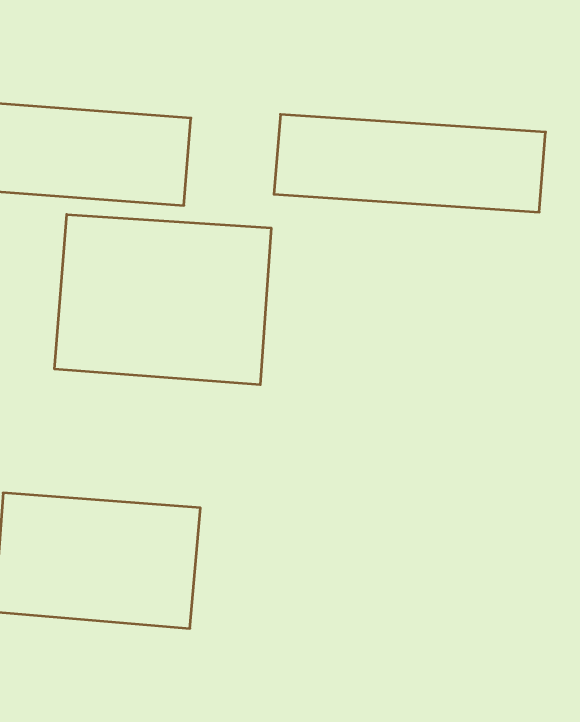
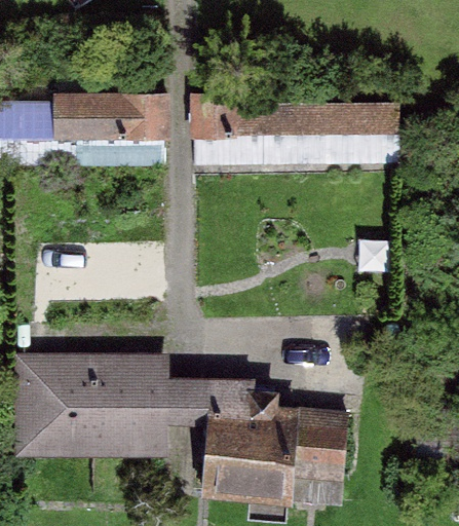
building: [55,214,271,385] -> none
building: none -> [221,415,361,494]

